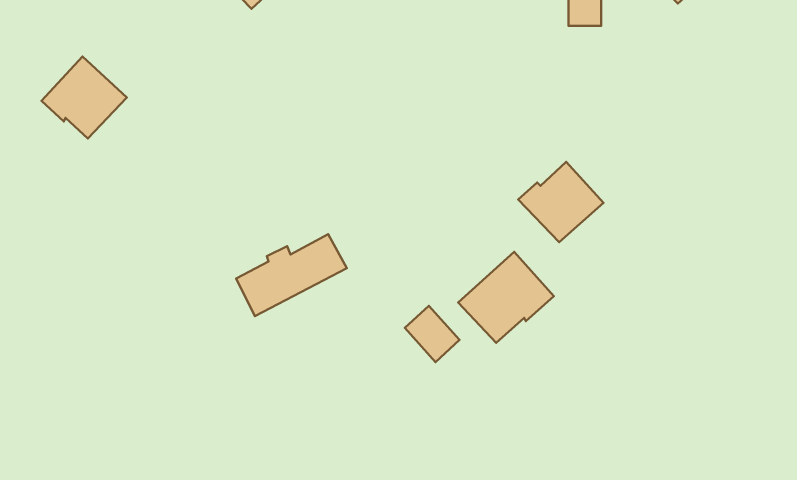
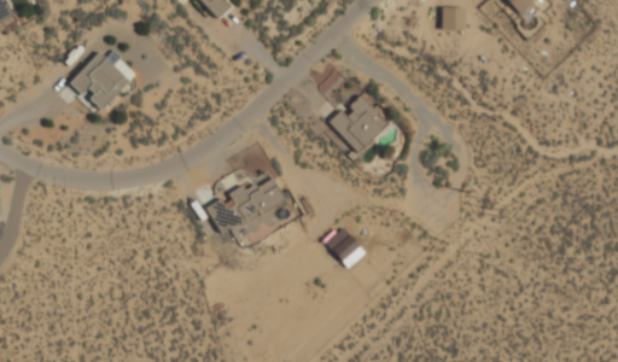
building: [518,162,604,242] -> [330,94,390,151]
building: [458,252,554,343] -> none

